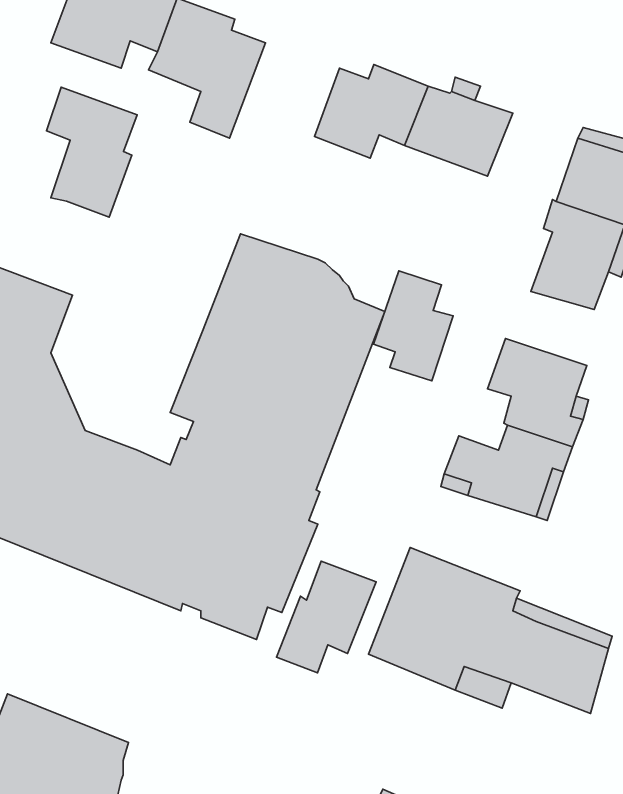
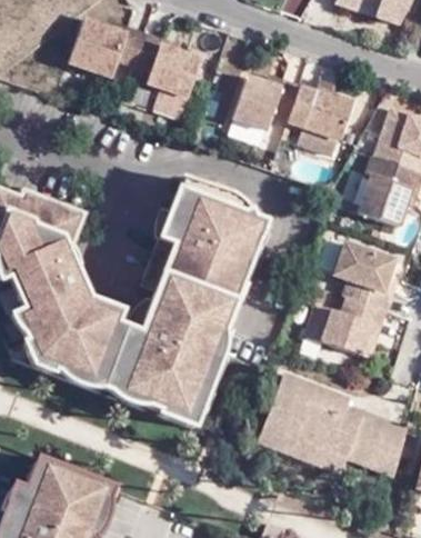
building: [46,87,137,217] -> none
building: [373,271,453,381] -> none
building: [277,561,376,673] -> none

